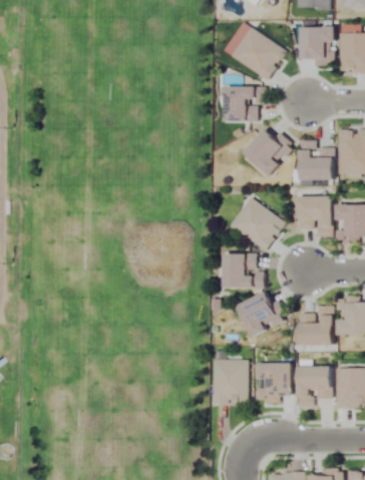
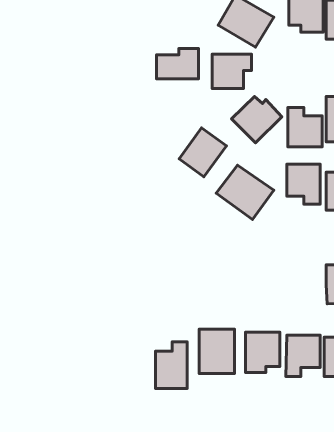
building: none -> [156,49,198,79]
building: none -> [179,128,226,177]
building: [224,254,263,288] -> none
building: [238,290,284,336] -> none
building: [299,306,332,345] -> none
building: none -> [155,342,187,388]

